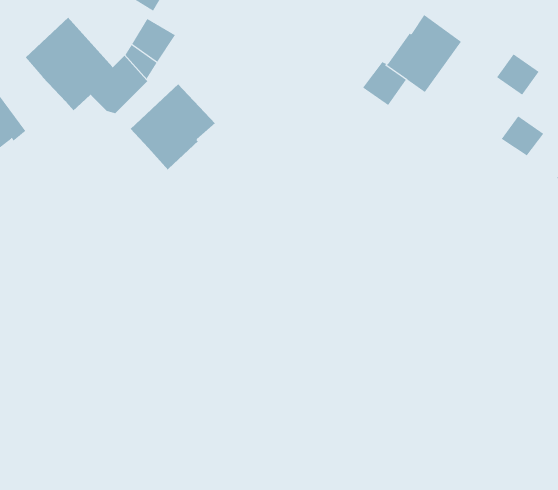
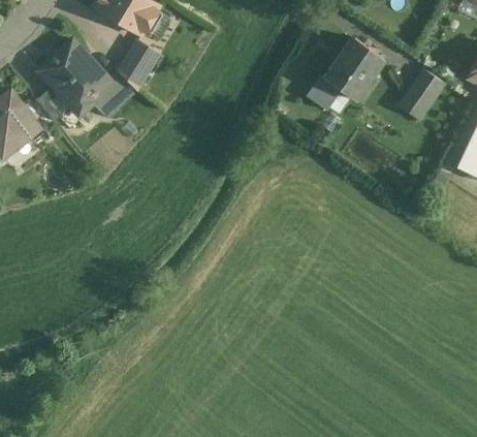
building: none -> [38,88,72,123]
building: [130,84,216,170] -> none
building: [501,115,544,156] -> [398,88,432,120]

